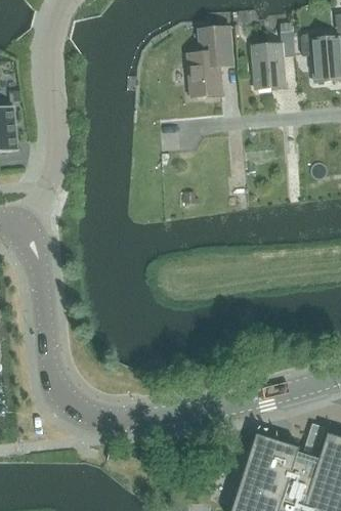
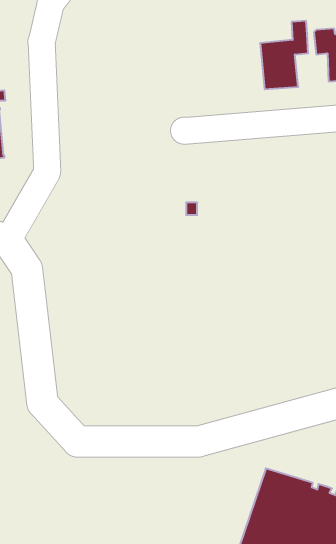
building: [186,28,232,96] -> none

